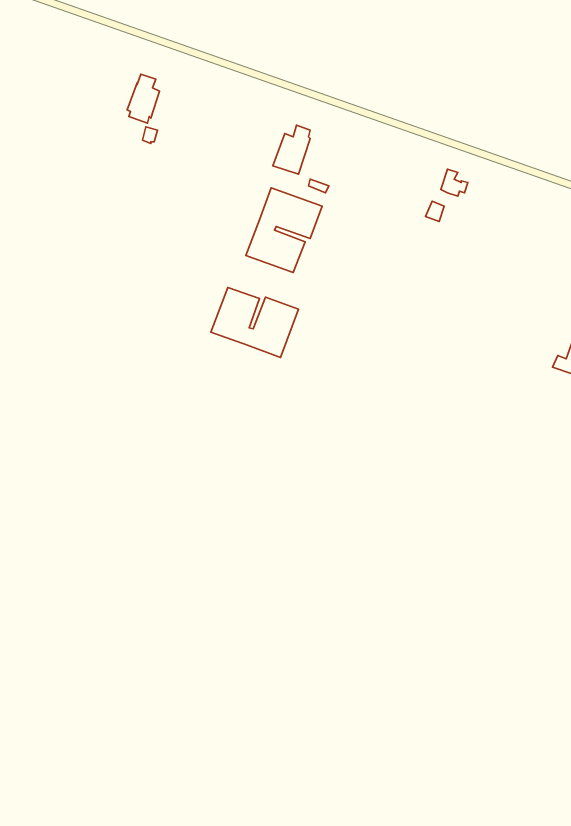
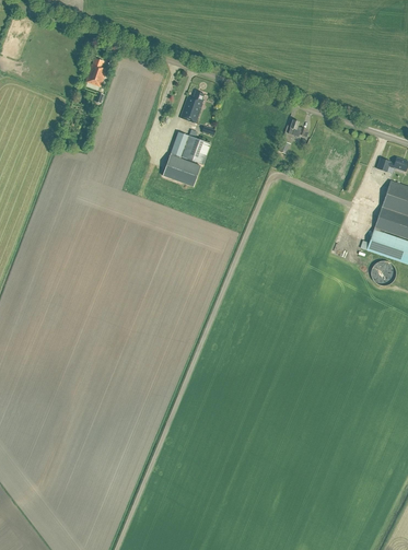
building: [211,287,298,357] -> none

